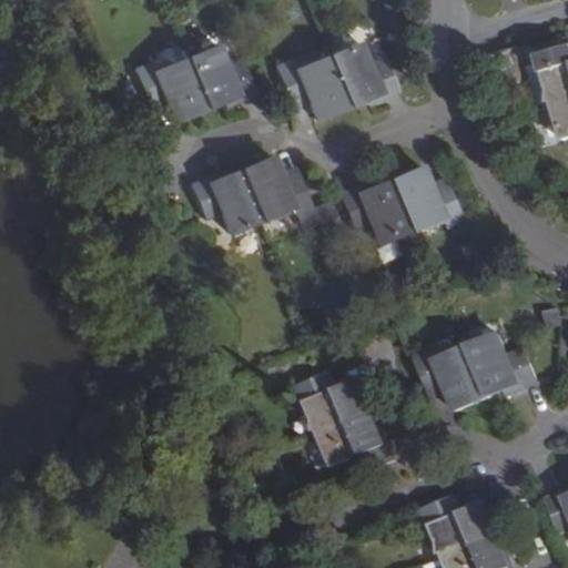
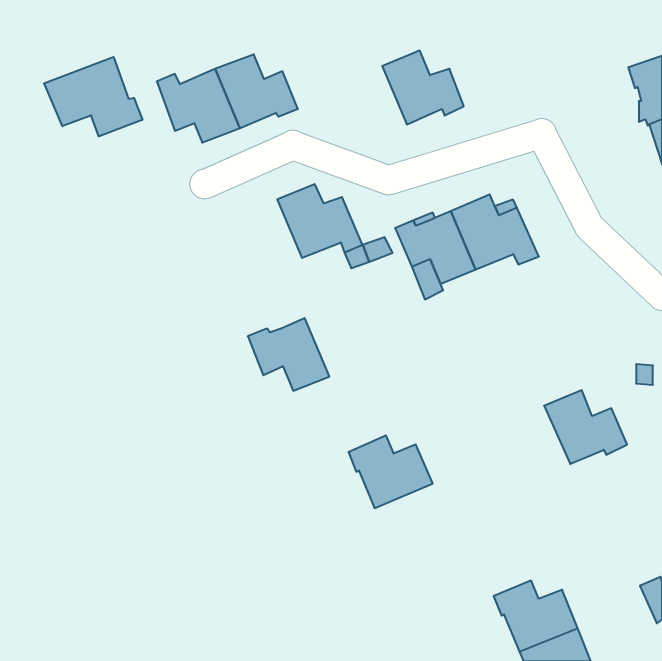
building: none -> [44,57,142,136]
building: [274,57,348,119] -> none
building: [189,171,258,233] -> [248,318,329,391]
building: [414,347,488,410] -> none
building: [321,414,394,475] -> none

